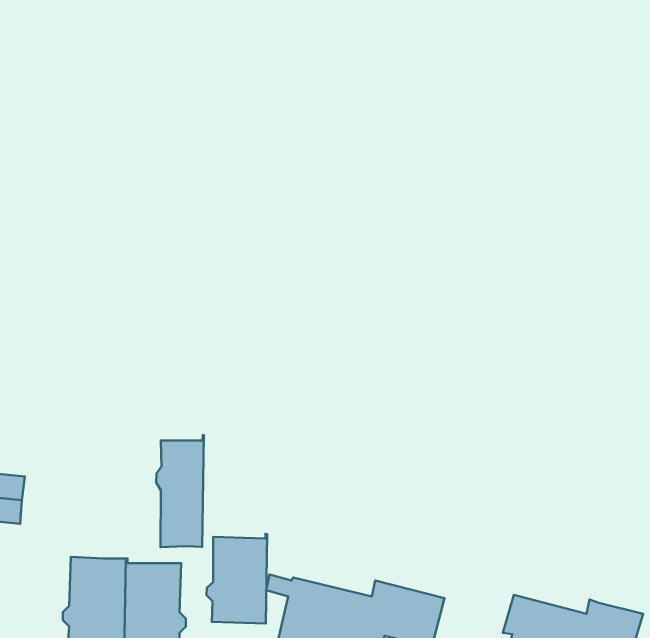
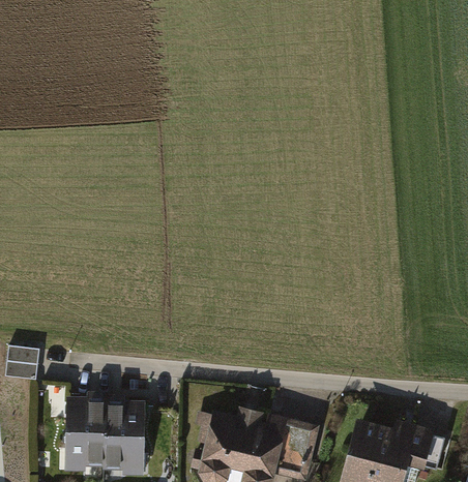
building: [156,435,204,547] -> none
building: [207,534,267,624] -> none

